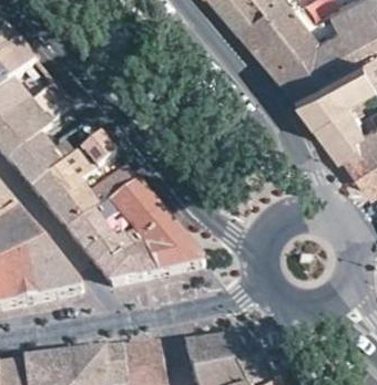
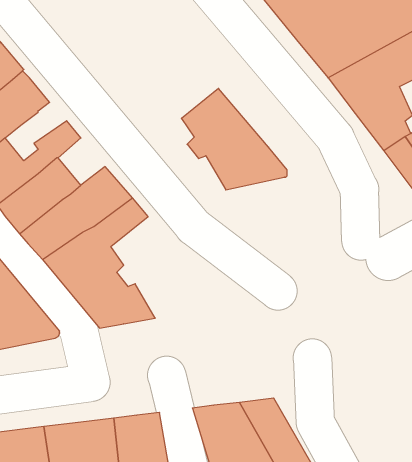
building: [122,194,204,272] -> [181,88,287,190]

